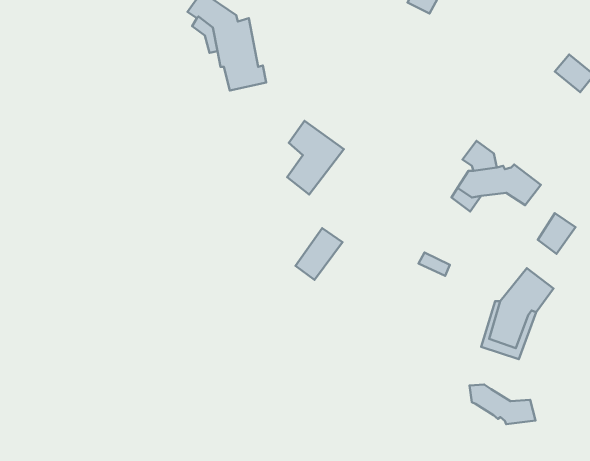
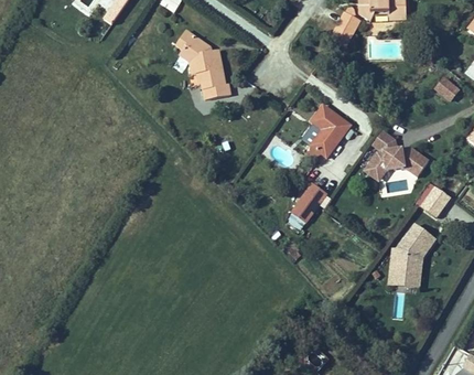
building: [287,121,344,195] -> [311,105,351,157]
building: [296,228,343,280] -> [293,184,326,221]
building: [469,385,535,424] -> none

